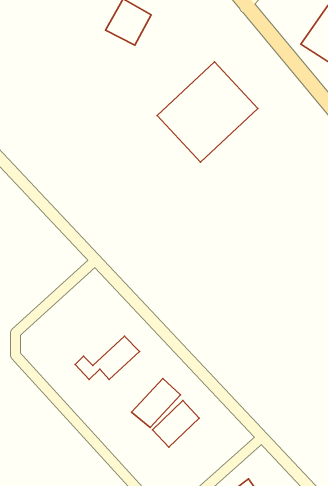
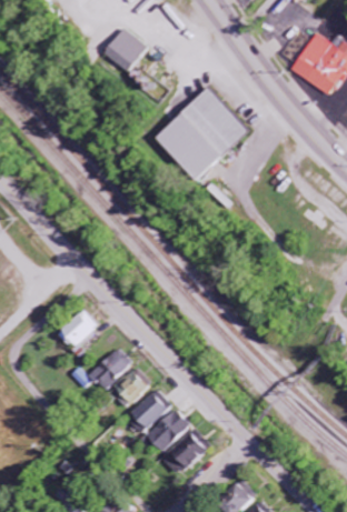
building: none -> [59,309,100,349]
building: none -> [115,370,150,405]
building: none -> [166,433,208,475]

